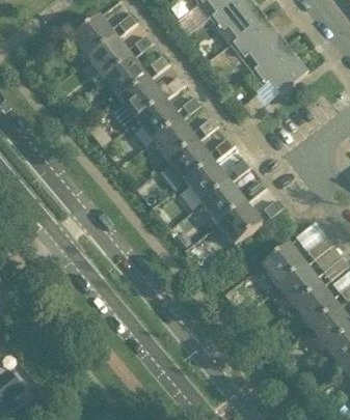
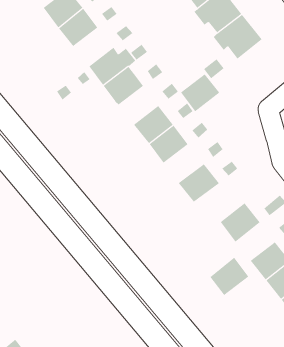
building: [104,56,147,97] -> none
building: [153,118,195,160] -> [180,73,220,112]
building: [200,180,244,222] -> none
building: [277,263,320,305] -> [209,257,249,296]

